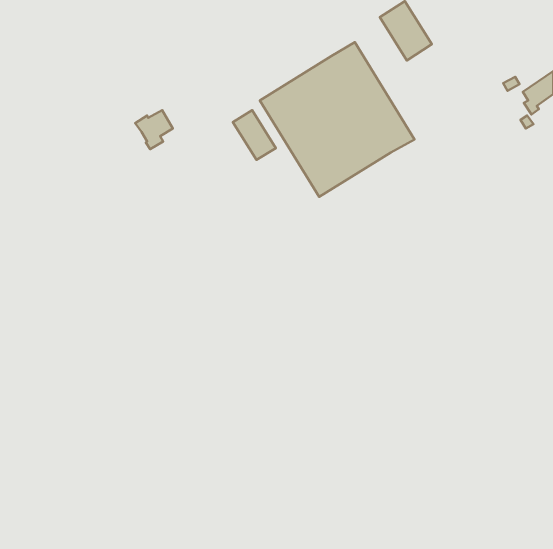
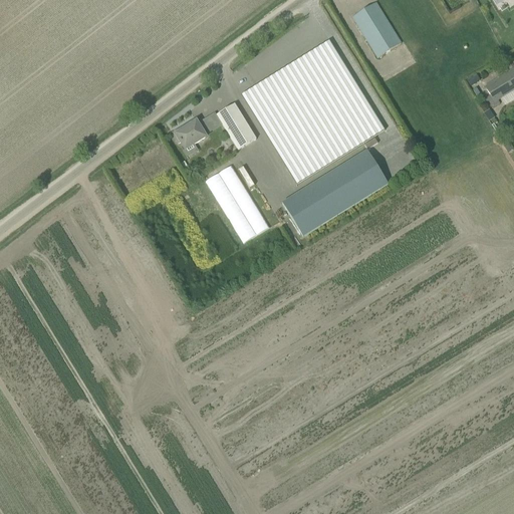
building: [135,110,173,149] -> [172,119,207,156]
building: none -> [282,149,389,236]
building: none -> [207,165,268,243]

